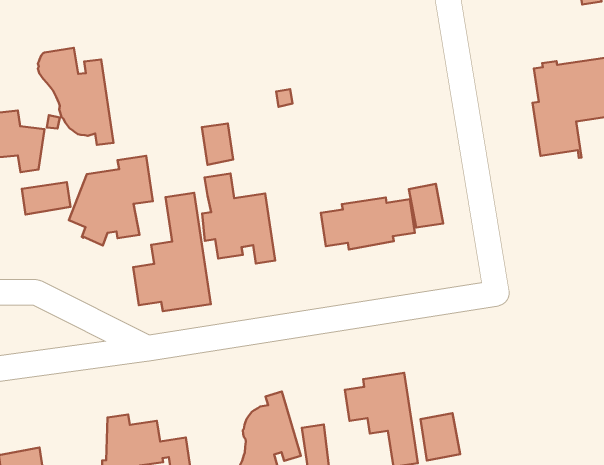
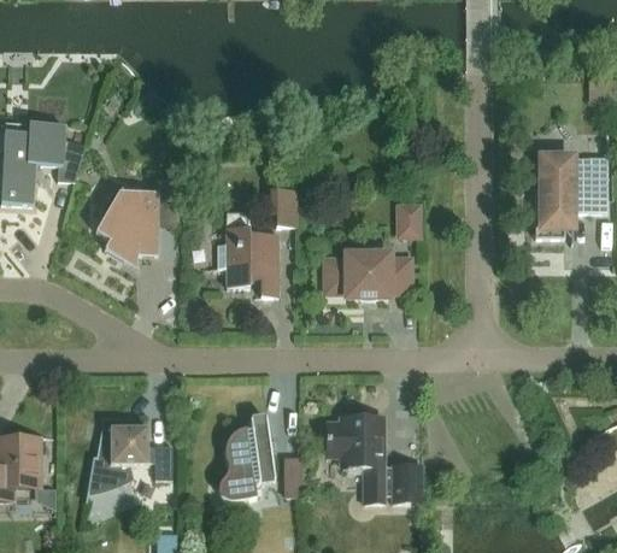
building: [38,48,114,145] -> none
building: [202,123,233,165] -> [274,189,298,224]
building: [22,182,70,215] -> none
building: [409,184,443,228] -> [392,200,418,237]
building: [133,193,211,311] -> none

